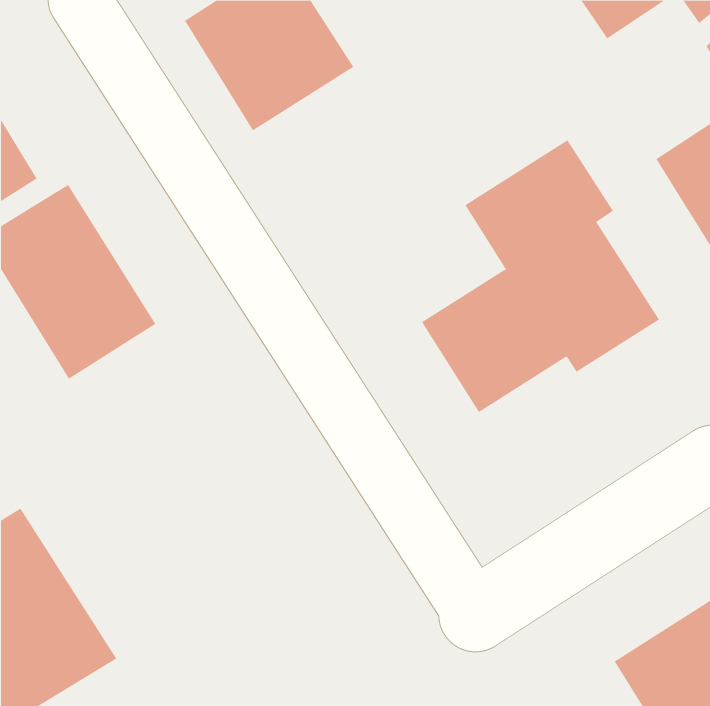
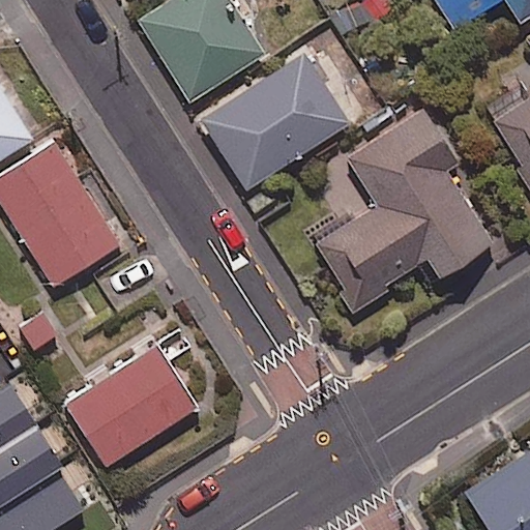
building: none -> [203,54,349,188]
building: none -> [65,348,196,467]

